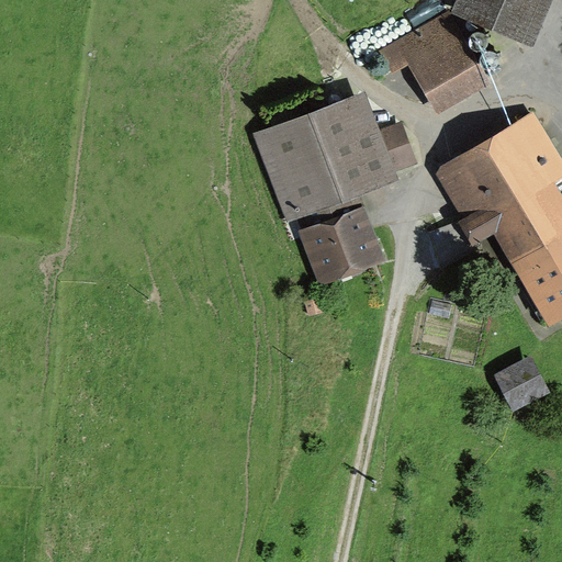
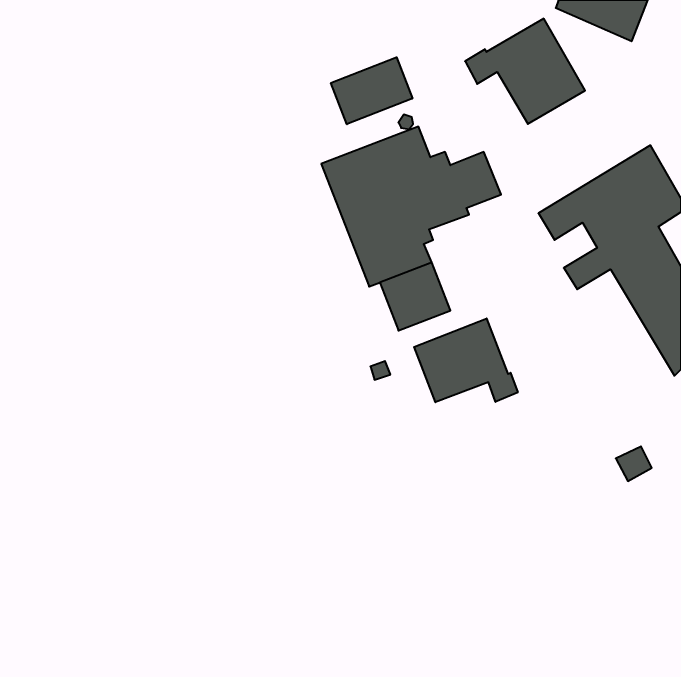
building: none -> [331,57,412,124]
building: none -> [414,318,518,402]

